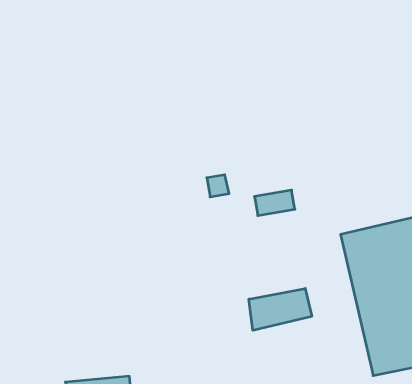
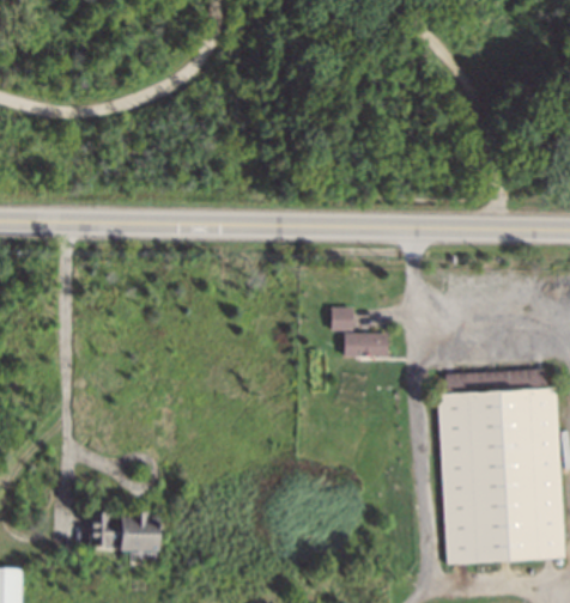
building: [207,175,229,197] -> [331,307,353,330]
building: [249,288,312,330] -> none

